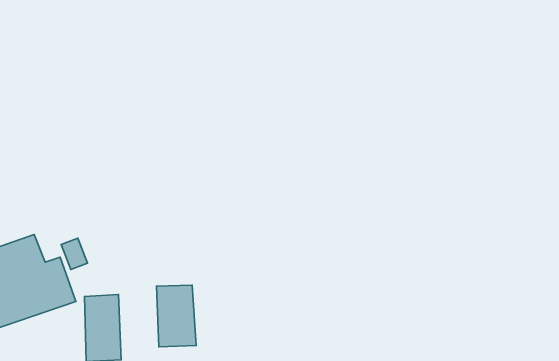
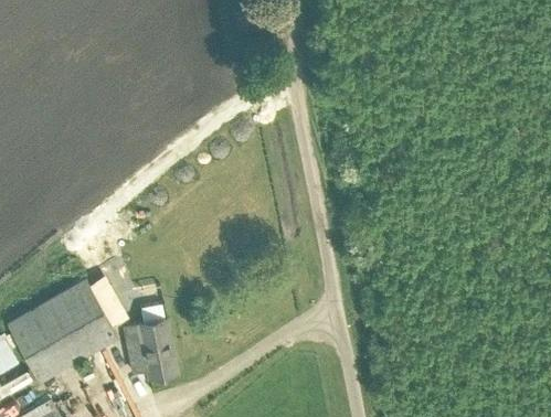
building: [156,285,196,347] -> none

